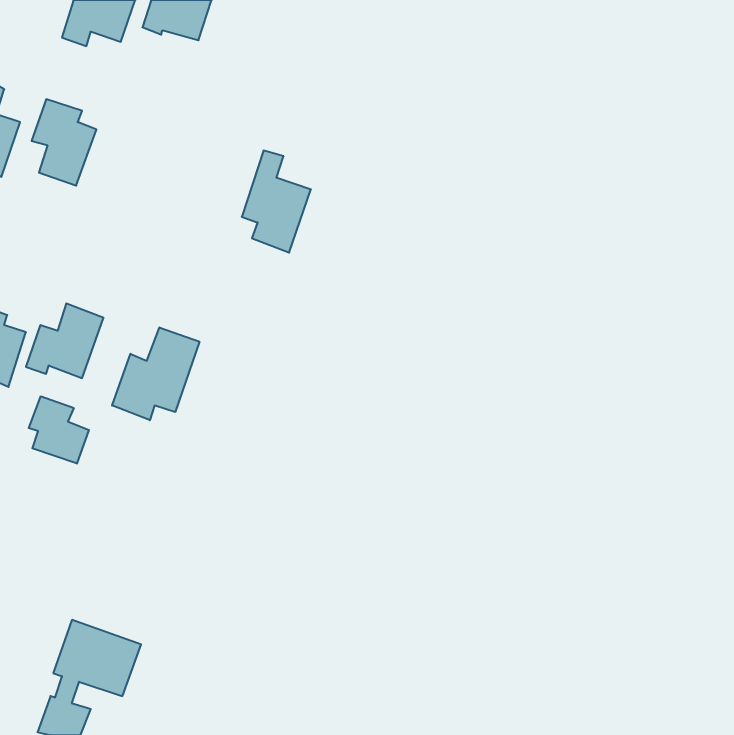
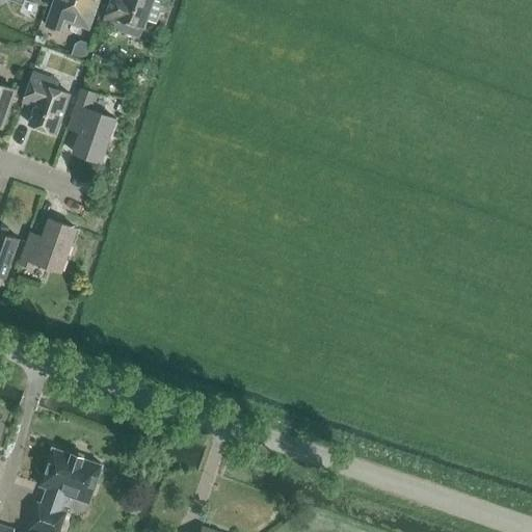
building: [242,151,311,253] -> [65,89,115,163]
building: [112,327,199,420] -> none
building: [29,396,89,464] -> none

